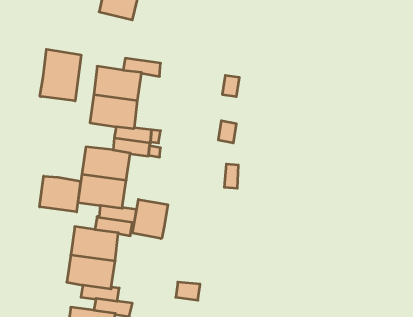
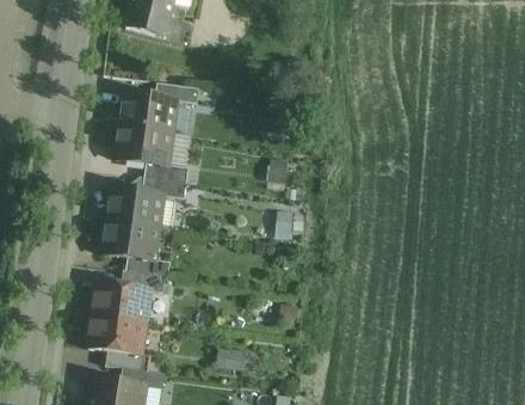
building: [40,49,81,101] -> none
building: [40,176,81,212] -> none
building: [133,199,168,239] -> none

